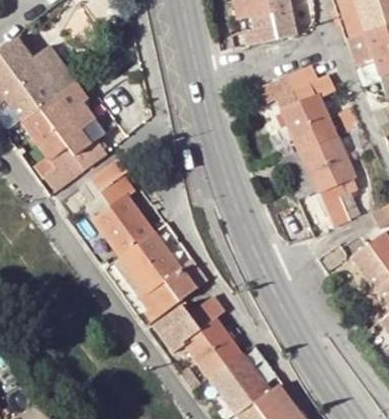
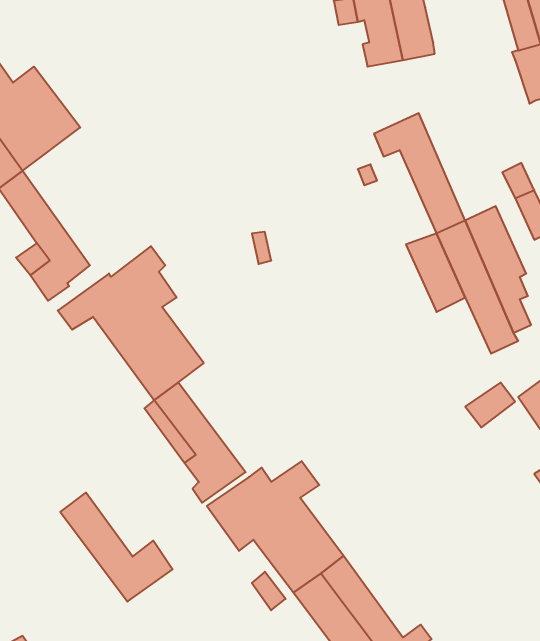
building: [288,64,336,142] -> none
building: [38,84,106,171] -> none
building: [136,232,207,301] -> [60,493,173,602]

